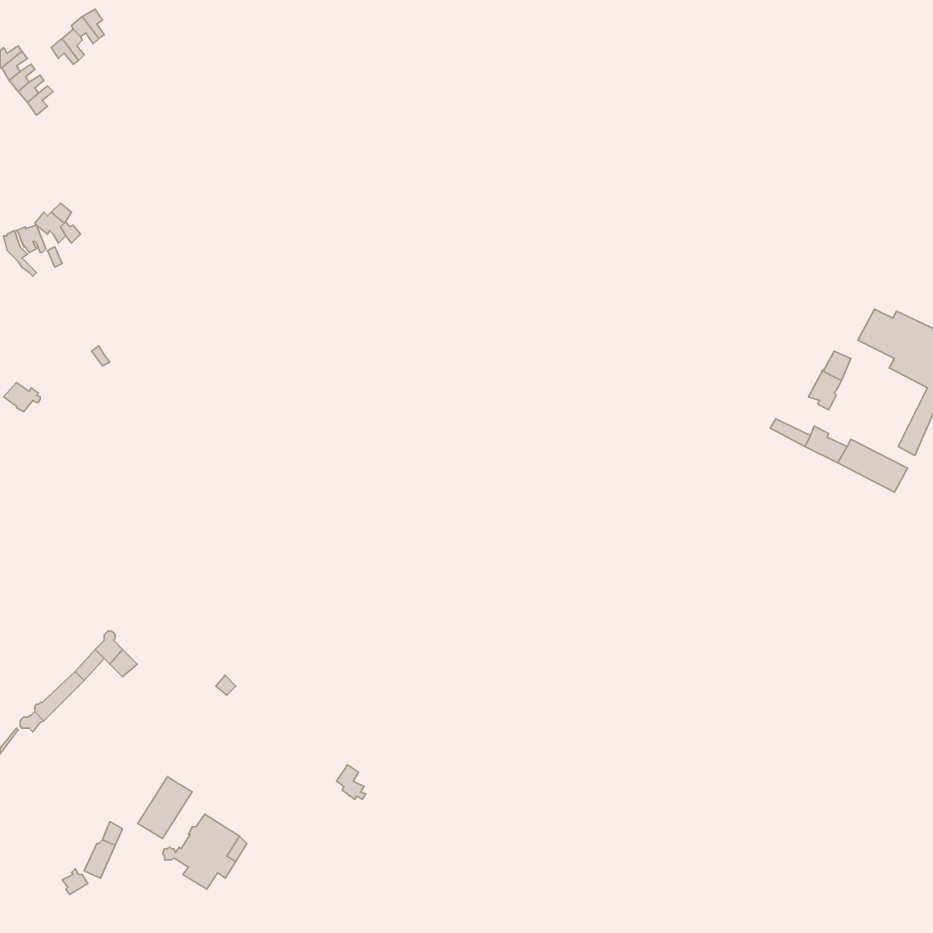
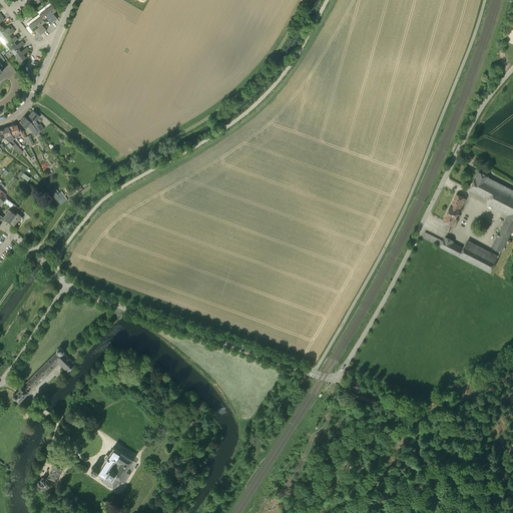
building: [138,777,192,838] -> none

